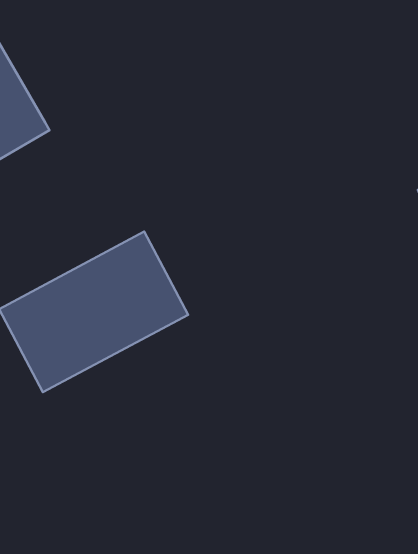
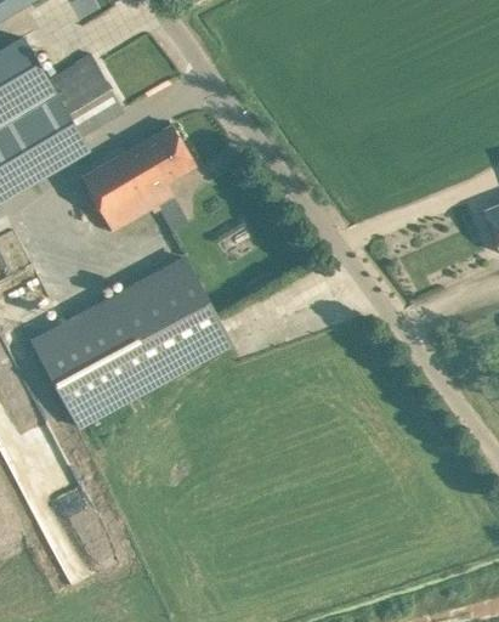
building: none -> [49,56,125,138]
building: none -> [81,125,195,232]

